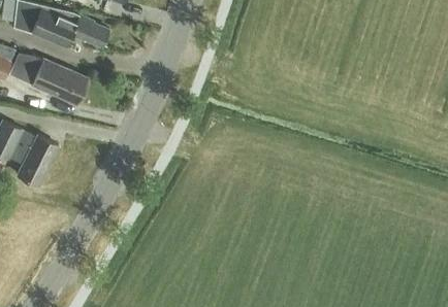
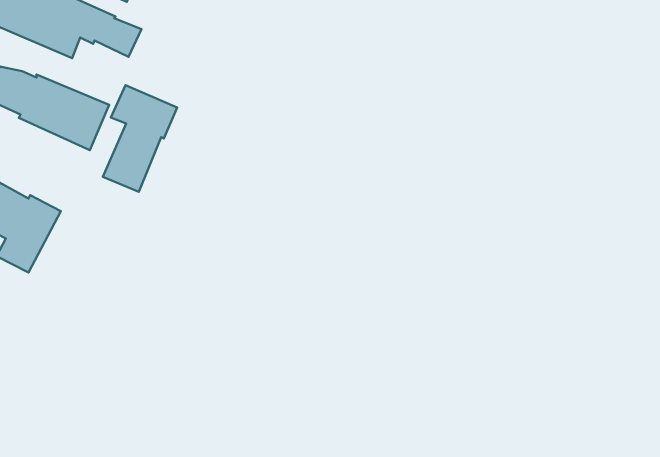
building: none -> [103,85,177,192]

